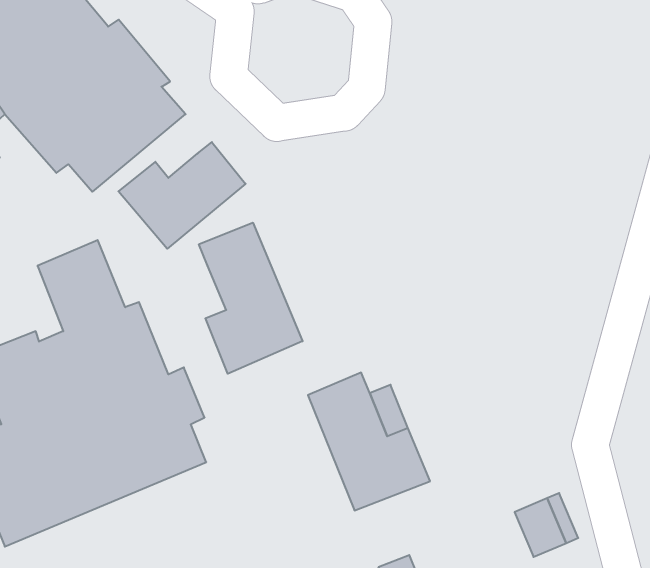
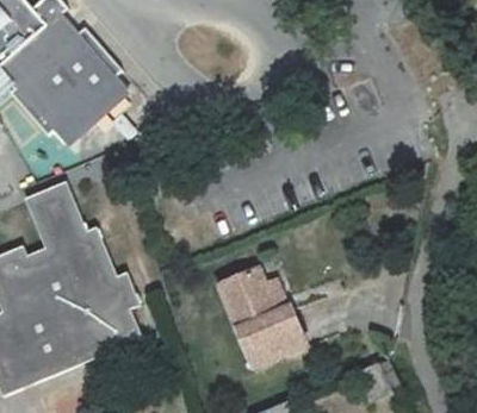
building: [118,142,246,249] -> none
building: [199,223,303,374] -> none

